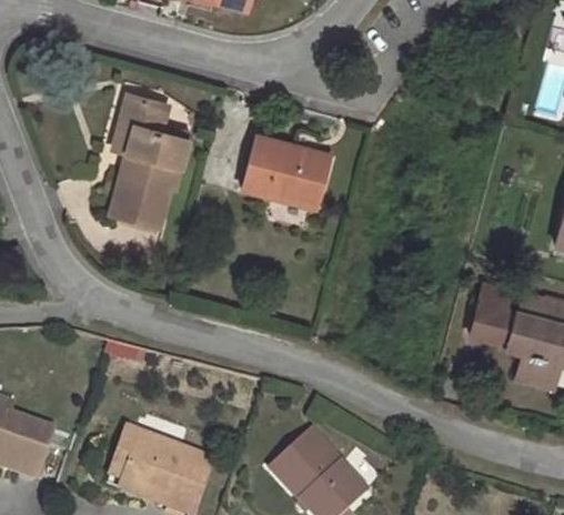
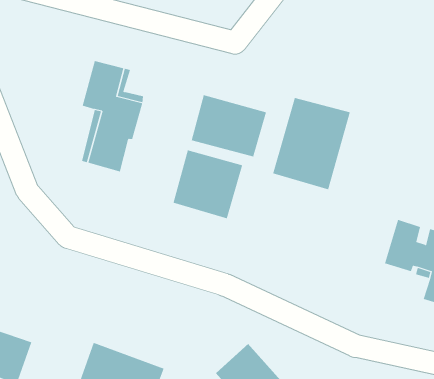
building: none -> [272,97,350,190]
building: none -> [173,149,243,219]

